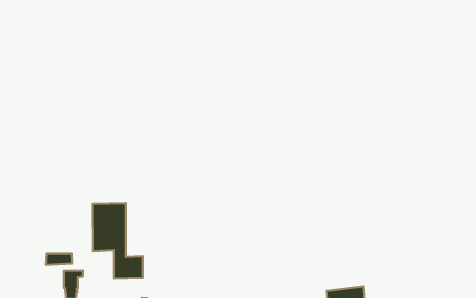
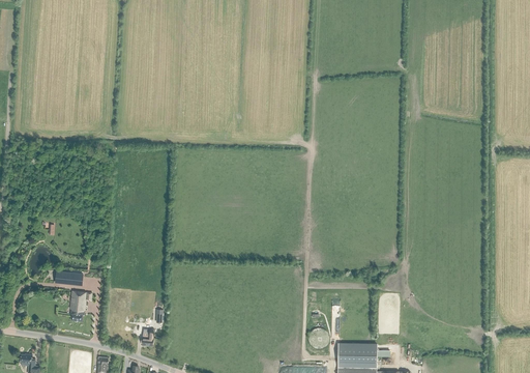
building: [92,203,143,279] -> none

